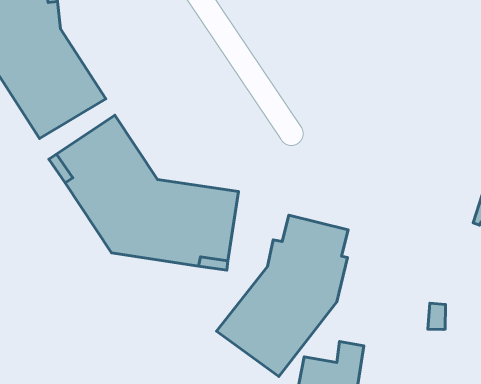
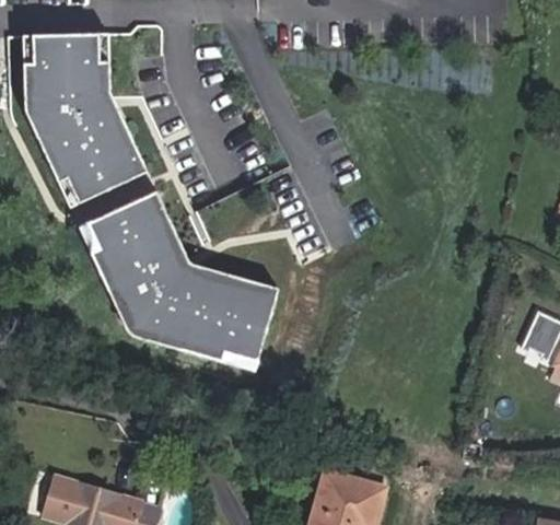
building: [217,215,348,376] -> none

